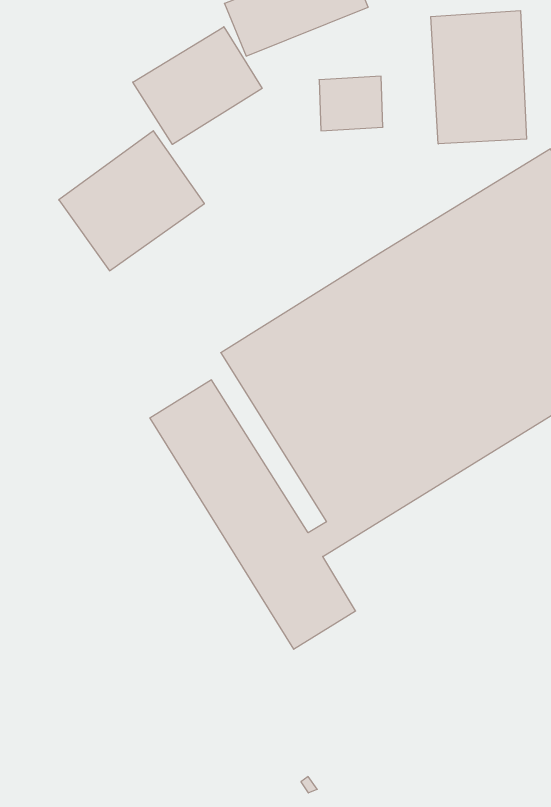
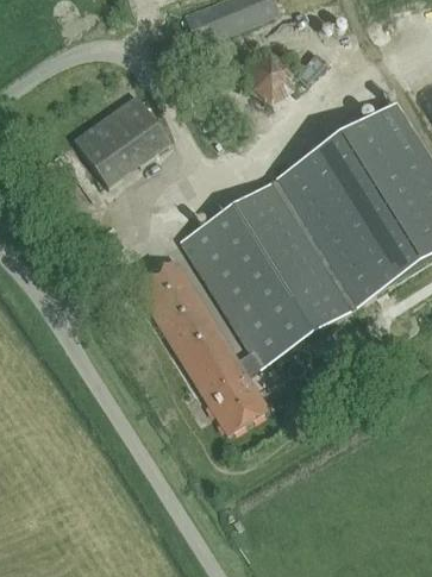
building: [431,11,527,144] -> none
building: [133,27,262,144] -> none

